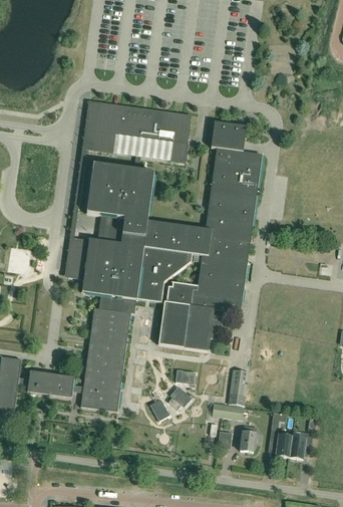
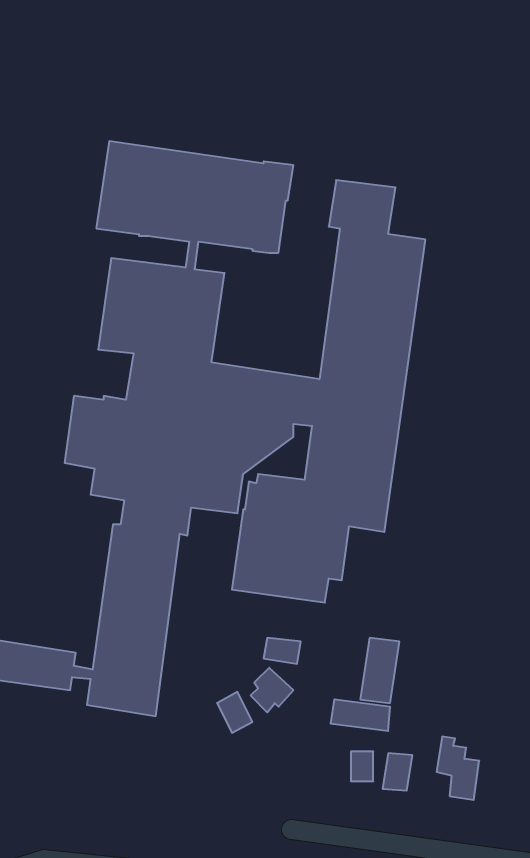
building: [289,431,313,458] -> none

